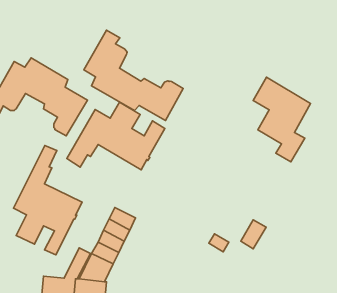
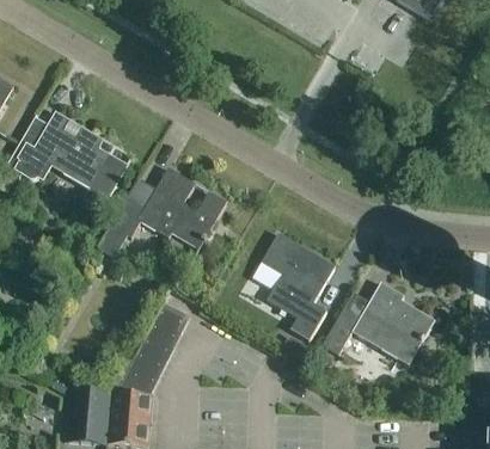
building: [84,30,183,121] -> none
building: [253,77,311,162] -> [262,233,335,340]
building: [14,146,82,255] -> none
building: none -> [356,283,435,365]

